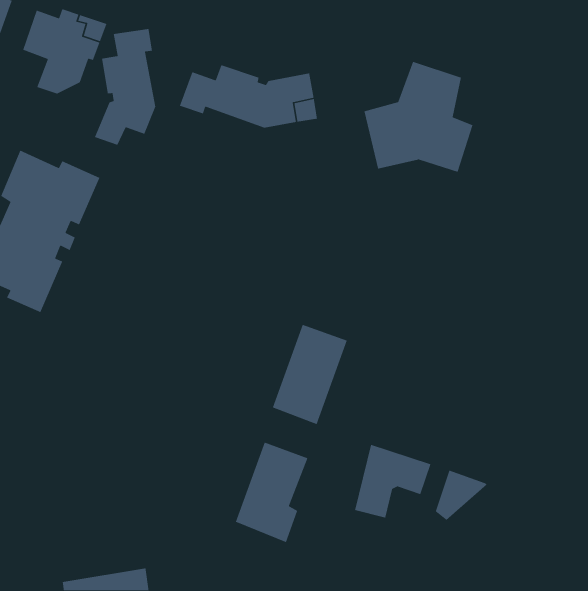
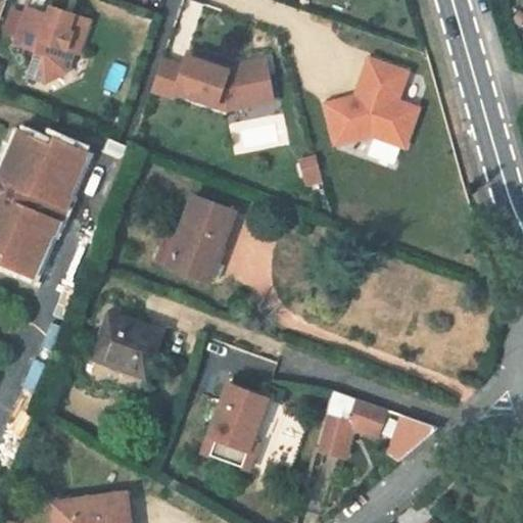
building: [94,28,156,146] -> none
building: [272,324,348,425] -> [168,193,234,282]
building: none -> [90,313,164,384]

